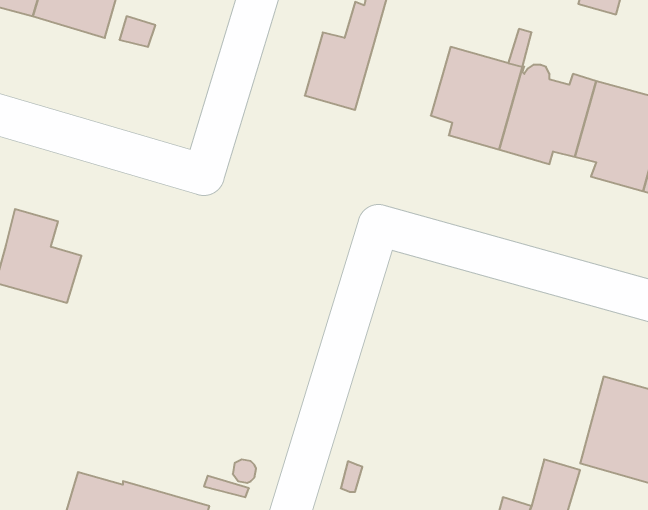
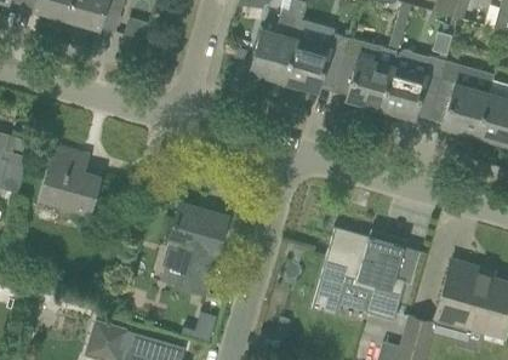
building: none -> [284,34,348,91]
building: none -> [165,204,227,295]
building: none -> [312,227,405,319]

